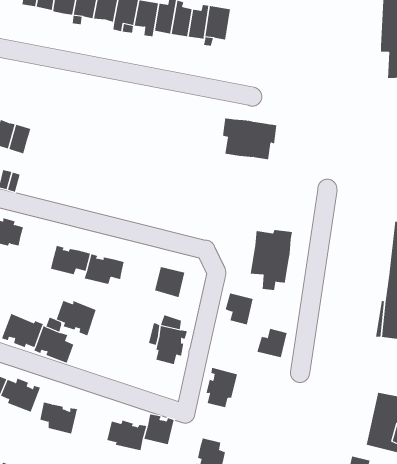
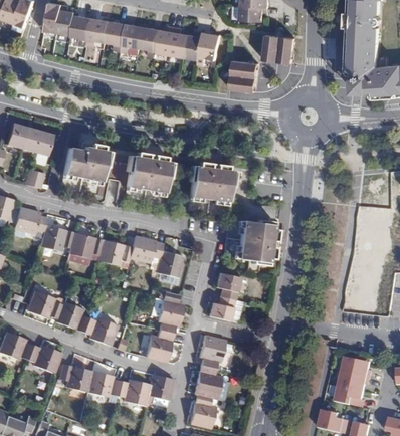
building: none -> [263,34,294,62]
building: none -> [230,60,258,91]
building: [222,118,277,160] -> [187,165,233,200]
building: none -> [62,147,109,182]
building: none -> [125,156,170,192]
building: none -> [39,224,73,250]
building: none -> [129,236,163,261]
building: [56,300,96,336] -> [82,315,117,346]
building: [256,328,288,358] -> [208,295,234,320]
building: none -> [145,329,173,362]
building: none -> [193,365,220,398]
building: none -> [86,370,120,397]

